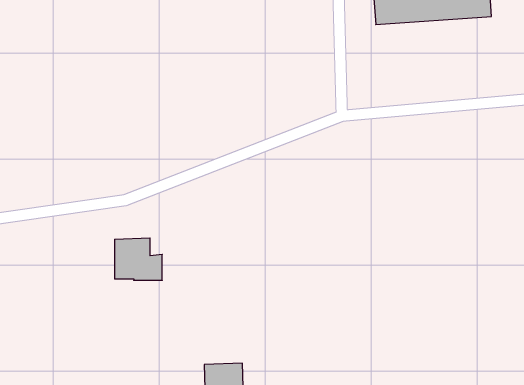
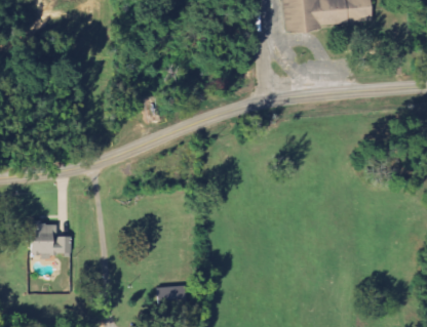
building: [115,238,162,280] -> [30,222,66,254]

